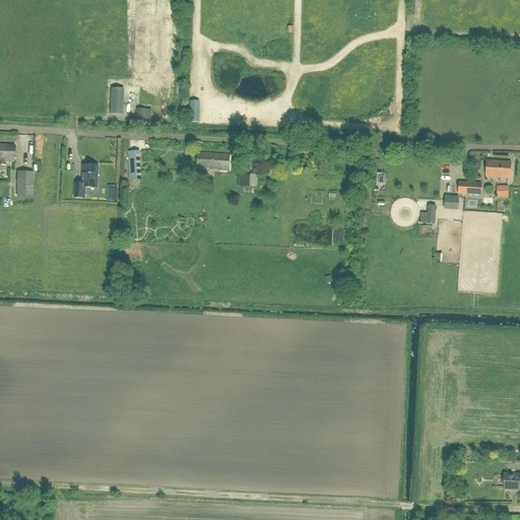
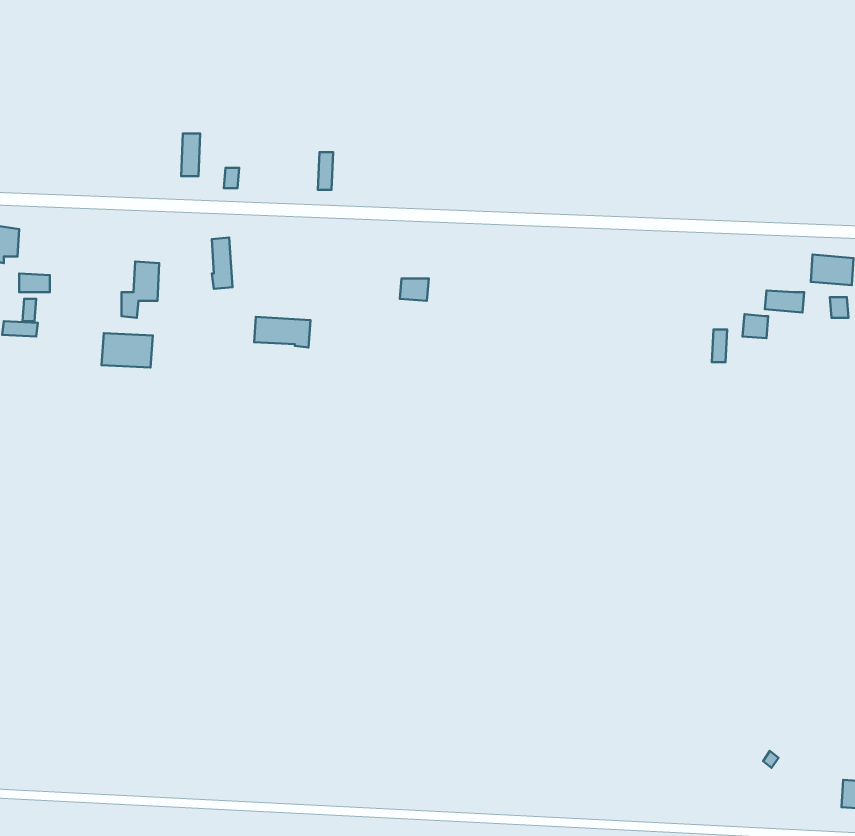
building: [196,151,230,170] -> [254,317,310,347]
building: none -> [102,333,153,367]

